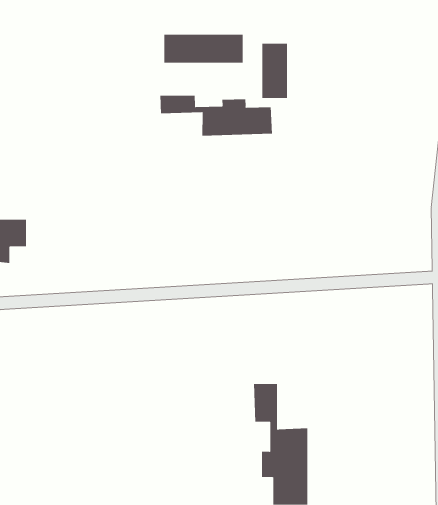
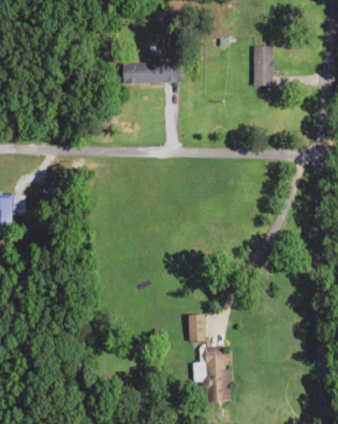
building: [261,43,288,99] -> [254,46,273,86]
building: [160,95,272,136] -> none

